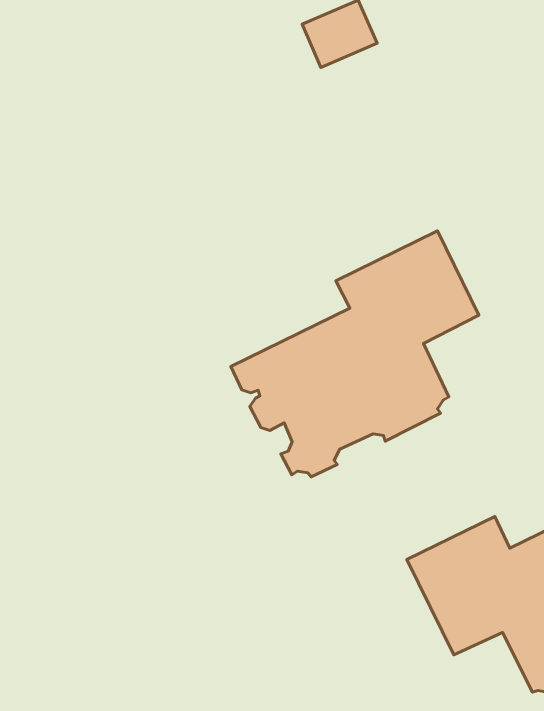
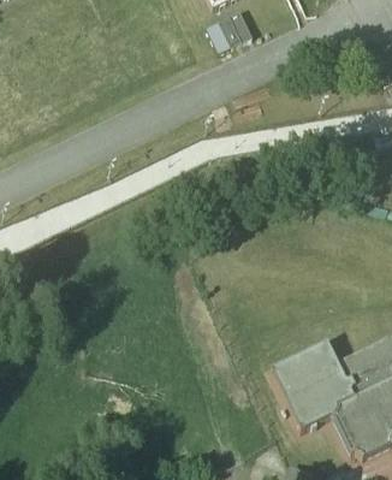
building: [231,231,479,477] -> none

